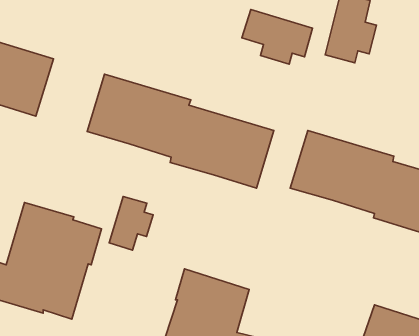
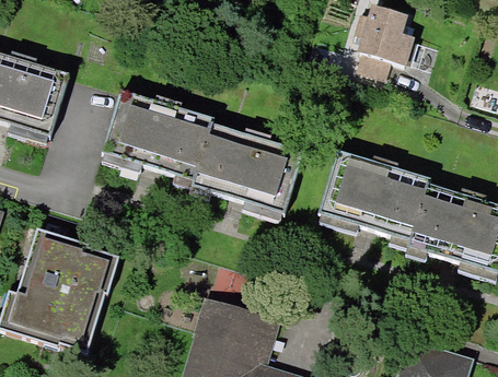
building: [242,10,312,64] -> none
building: [109,196,153,250] -> none

